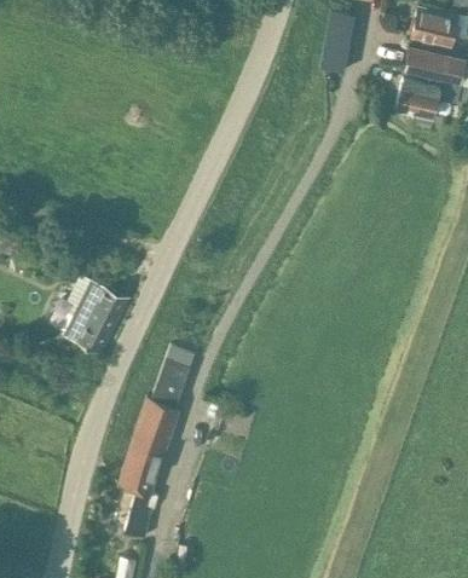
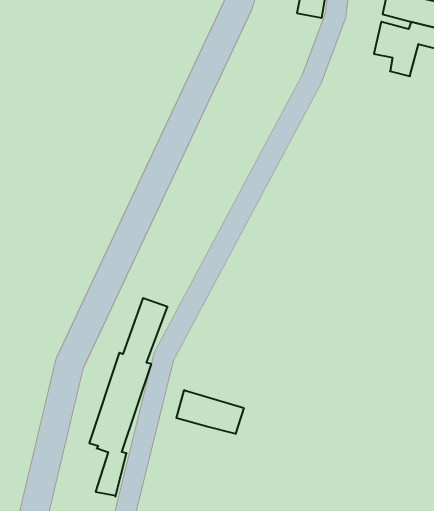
building: [67,282,128,353] -> none
building: none -> [176,390,244,434]

